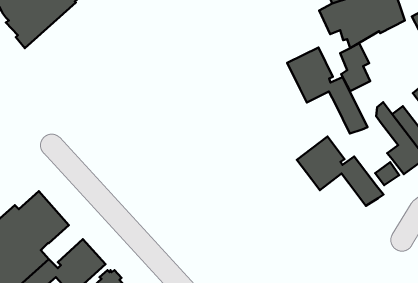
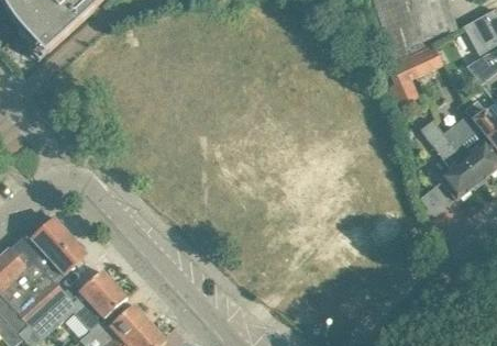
building: none -> [406,40,441,75]
building: [287,48,368,133] -> none
building: [297,137,383,206] -> none

